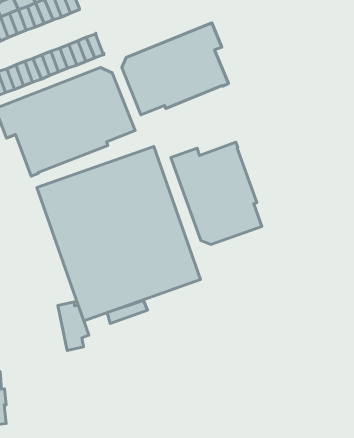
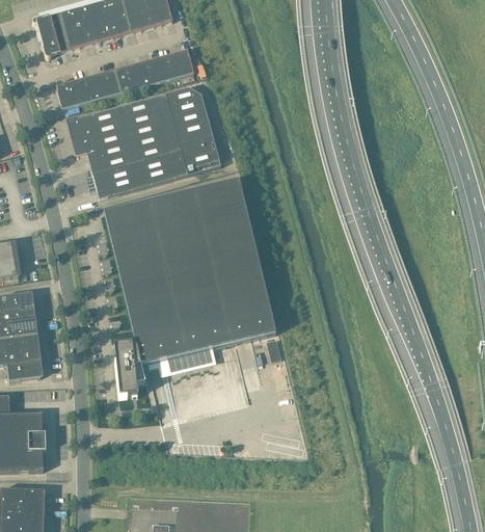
building: [122,23,228,115] -> none
building: [171,142,262,244] -> none

